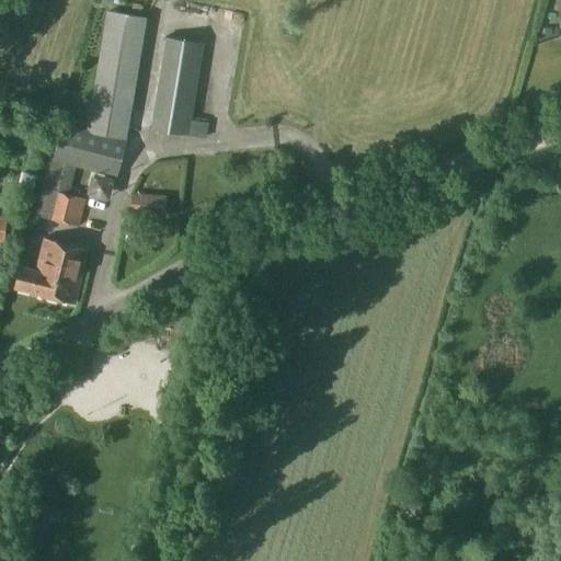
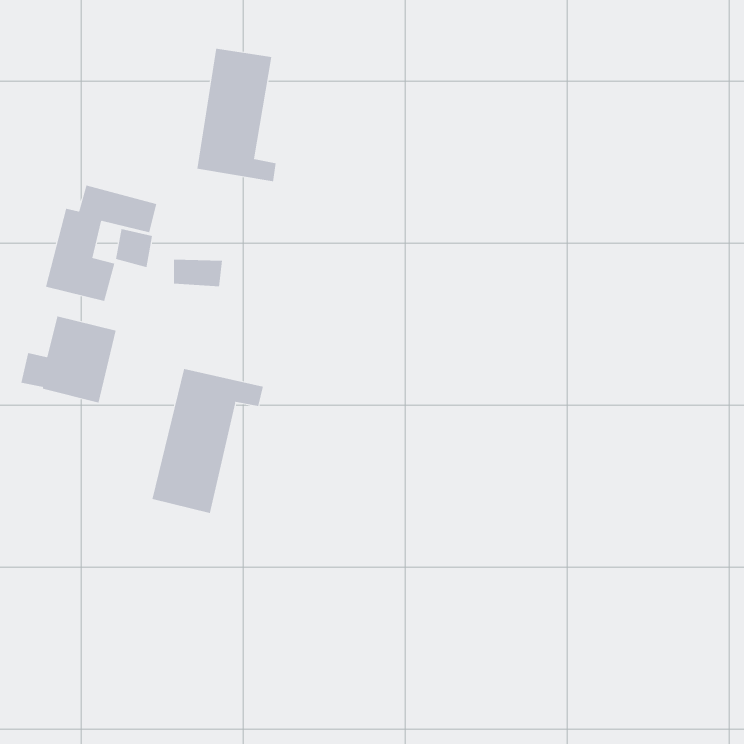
building: [87,11,148,139] -> none
building: none -> [152,368,264,514]

